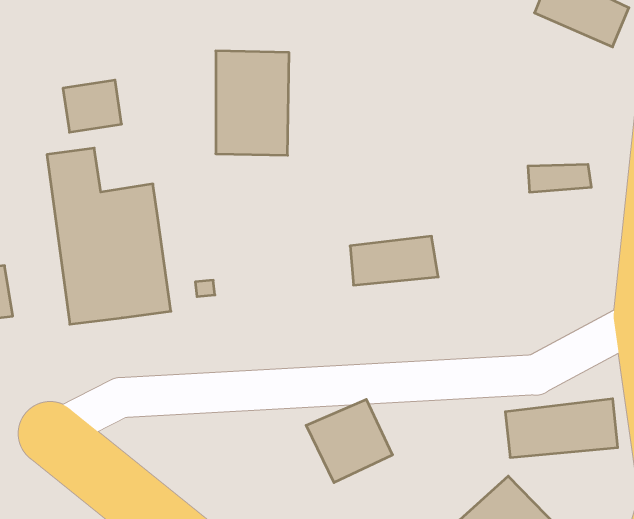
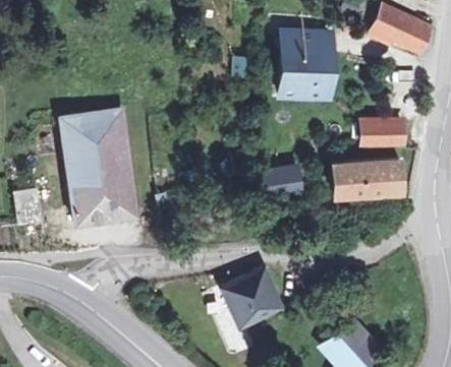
building: [216,51,289,155] -> [284,30,330,96]
building: [63,80,122,132] -> [91,110,127,142]
building: [505,399,618,457] -> [334,161,404,197]

